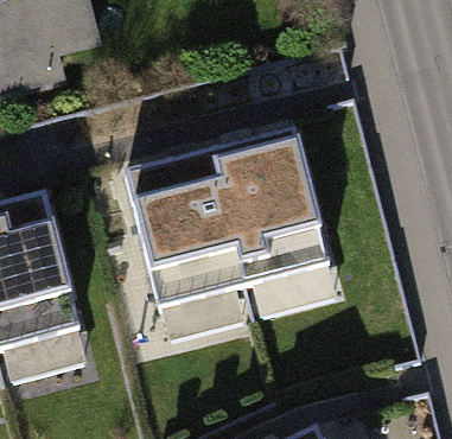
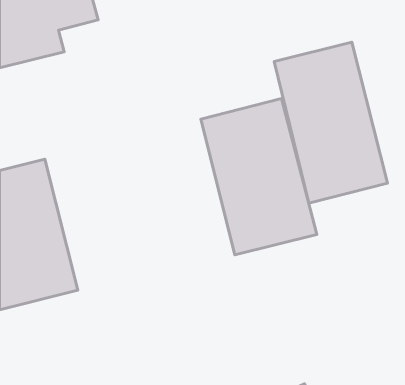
building: none -> [274,42,387,203]
building: [125,151,246,314] -> none

